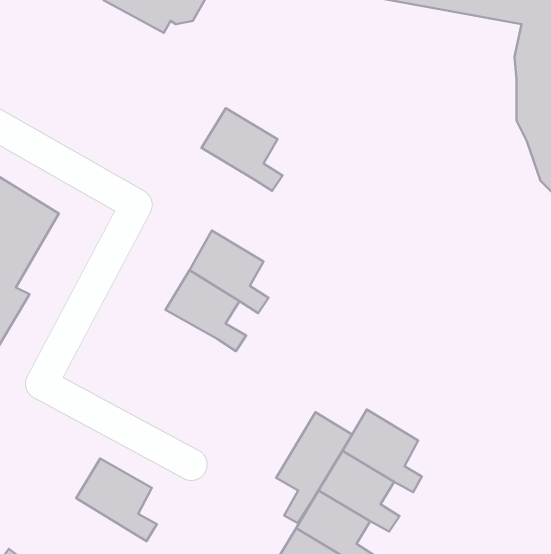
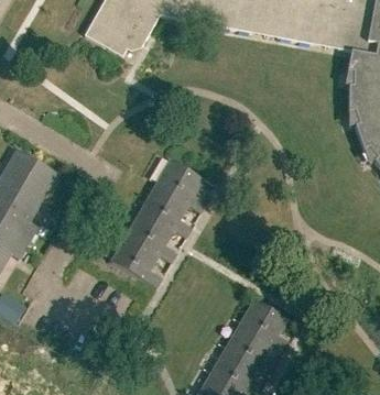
building: [202,108,283,191] -> [155,156,207,209]
building: [276,412,352,523] -> none
building: [76,459,157,541] -> [110,232,162,285]

